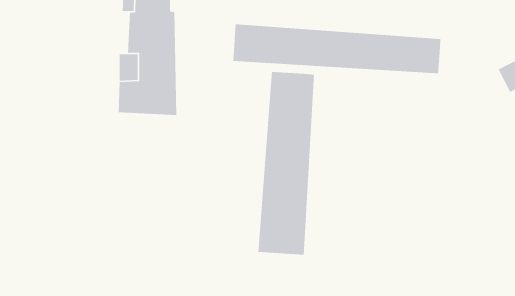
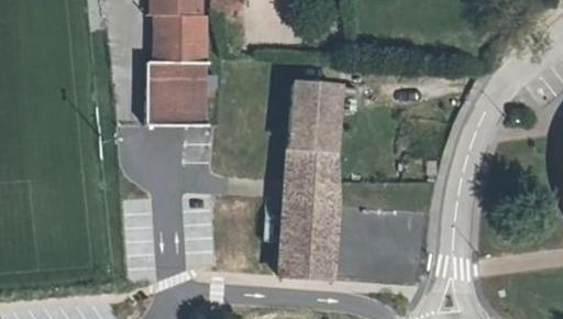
building: [232,23,441,74] -> none

